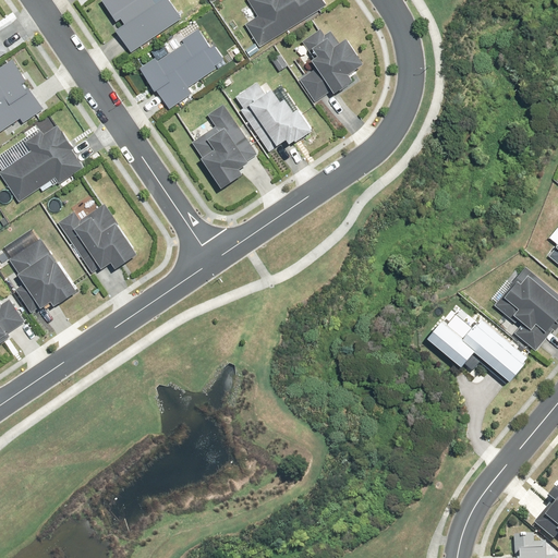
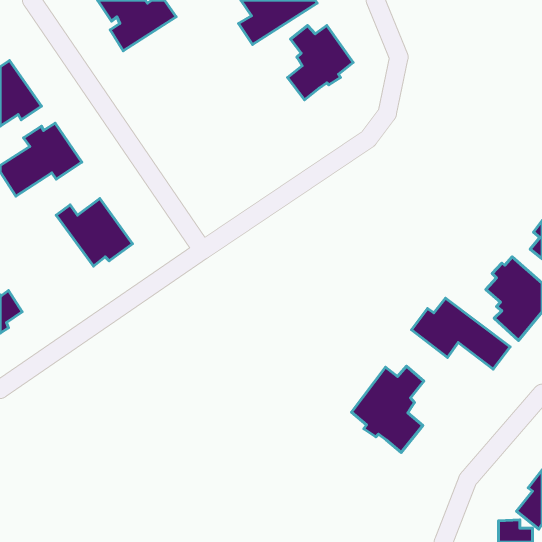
building: [138,28,223,110] -> none
building: [230,75,311,156] -> none
building: [190,104,260,189] -> none
building: [5,225,83,303] -> none
building: none -> [352,366,424,453]

